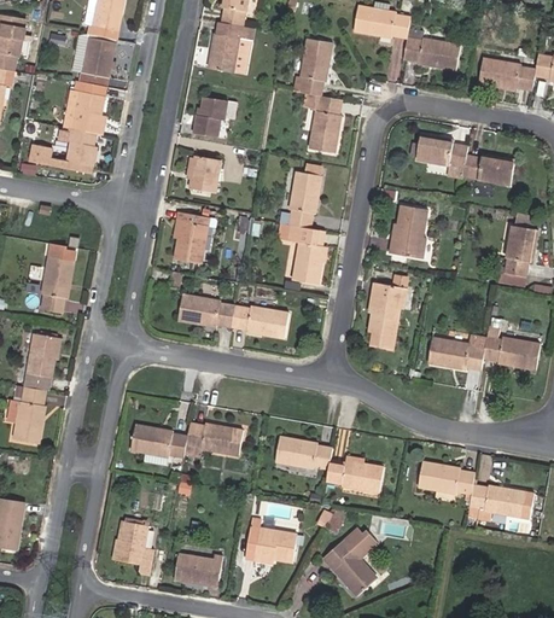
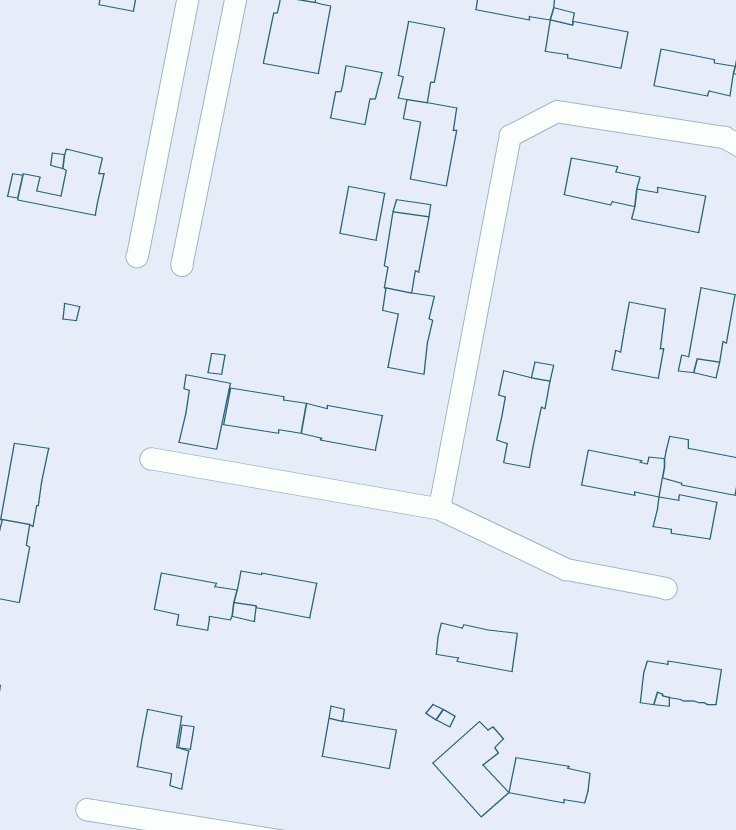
building: [81,34,113,77] -> none
building: [63,81,104,134] -> none
building: [193,97,229,138] -> [330,66,382,125]
building: [191,156,222,193] -> [340,187,385,240]
building: [390,205,427,258] -> [612,302,666,378]
building: [175,211,211,263] -> [179,375,231,449]
building: [40,256,71,313] -> none
building: none -> [653,495,717,539]
building: [275,437,332,468] -> none
building: [419,462,476,494] -> [509,758,590,803]
building: [175,553,224,584] -> none

